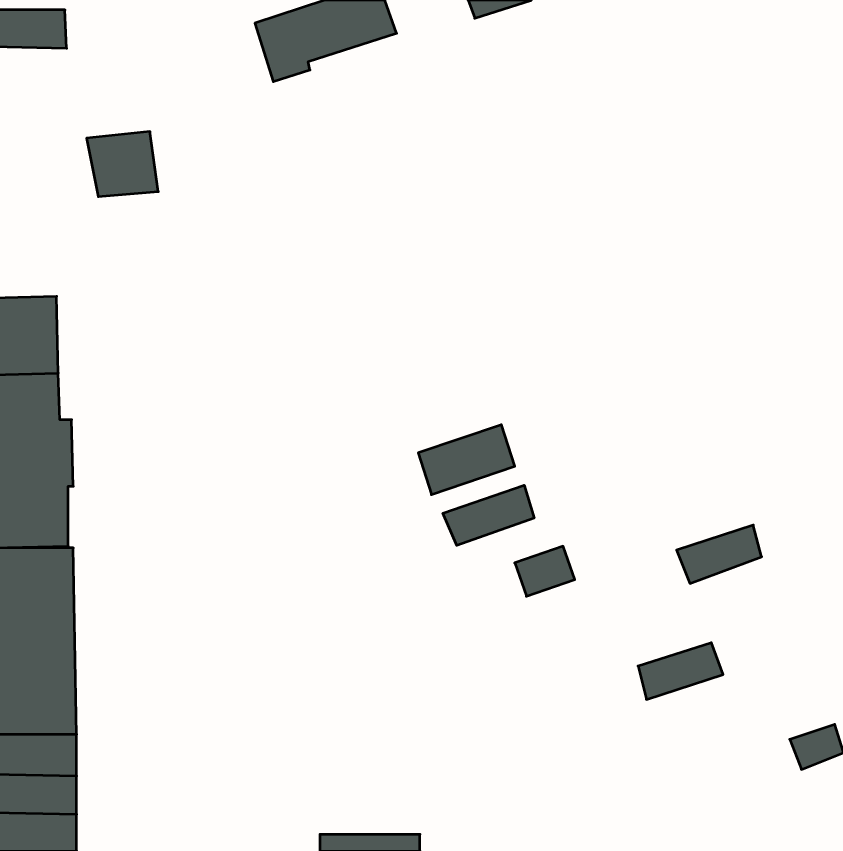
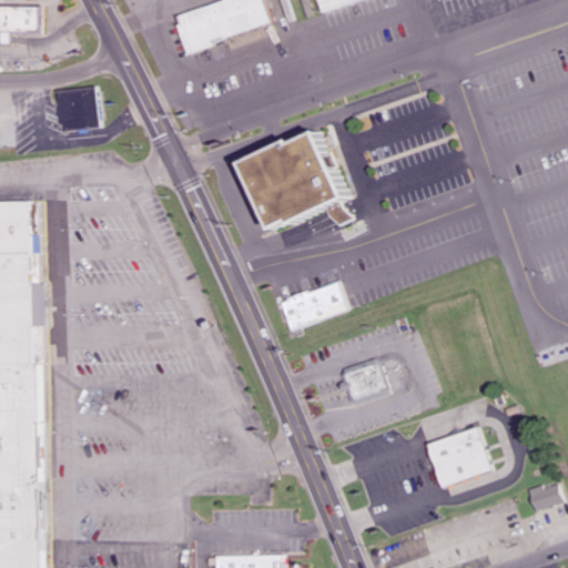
building: none -> [224,131,333,227]
building: [443,485,534,545] -> none
building: [677,525,762,583] -> [430,449,487,488]

